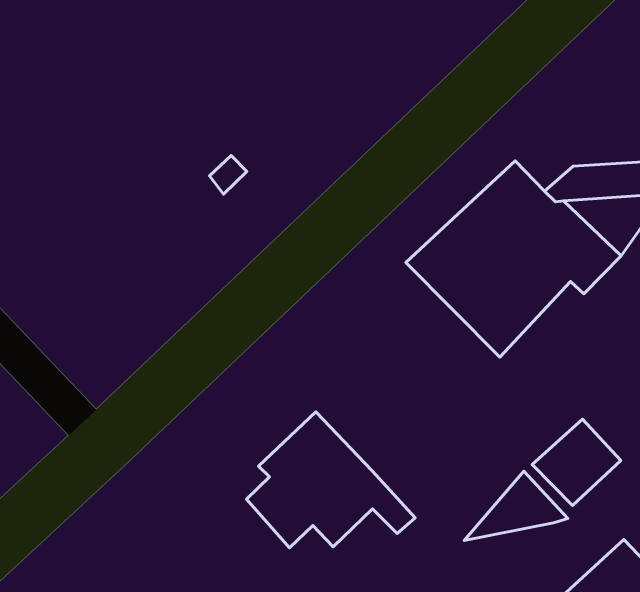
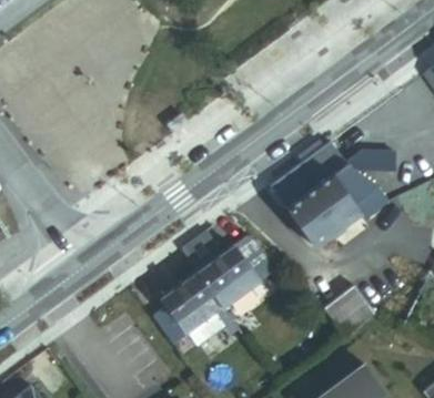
building: none -> [208,237,271,300]
building: [464,471,568,541] -> none

